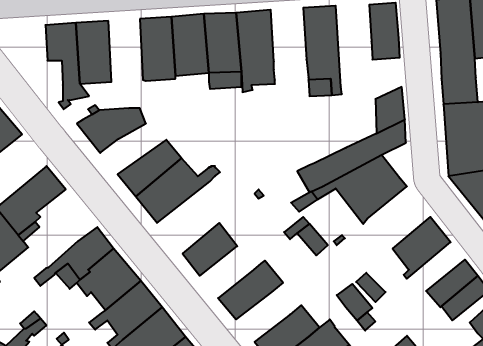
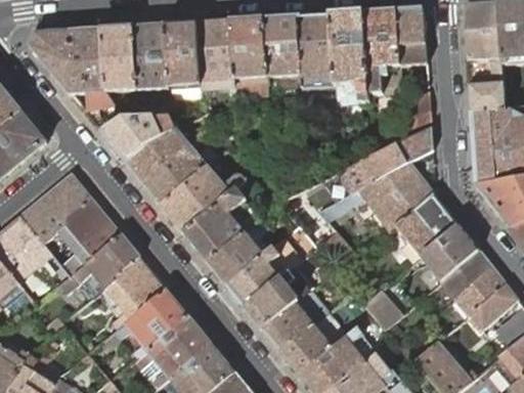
building: none -> [363,11,402,94]
building: none -> [298,14,336,87]
building: none -> [134,26,169,89]
building: none -> [31,32,88,93]
building: none -> [126,129,192,182]
building: none -> [183,184,261,262]
building: none -> [395,194,458,257]
building: none -> [60,198,123,277]
building: none -> [226,247,280,307]
building: none -> [440,251,493,300]
building: none -> [263,292,329,351]

